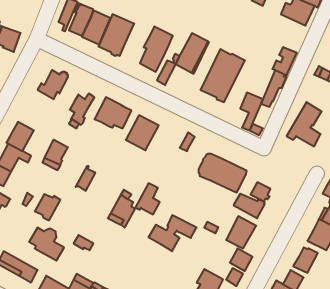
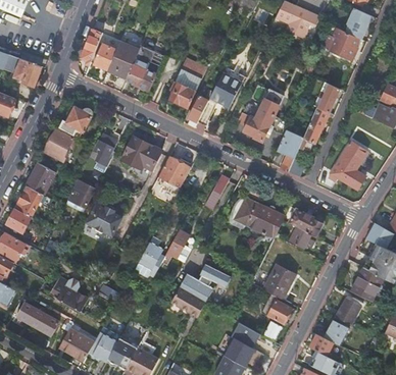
building: none -> [44,128,72,161]
building: [234,194,265,218] -> [289,210,323,236]
building: [35,194,60,220] -> [85,204,112,232]
building: none -> [170,286,205,317]

